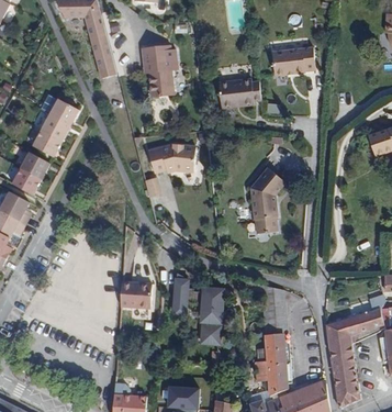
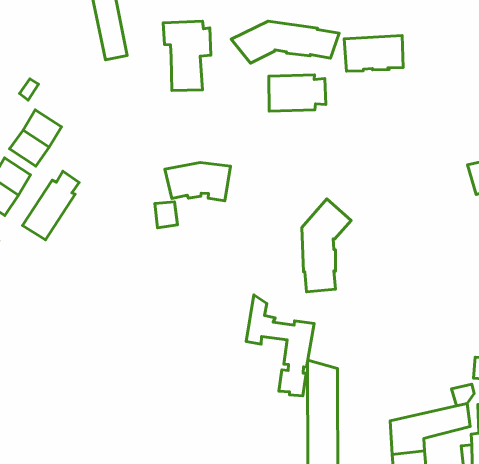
building: none -> [231,21,339,63]
building: [51,100,80,127] -> none
building: none -> [23,171,79,240]
building: [173,271,222,342] -> [246,295,314,396]
building: [119,280,150,307] -> none

